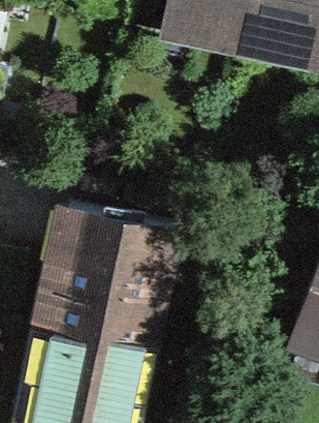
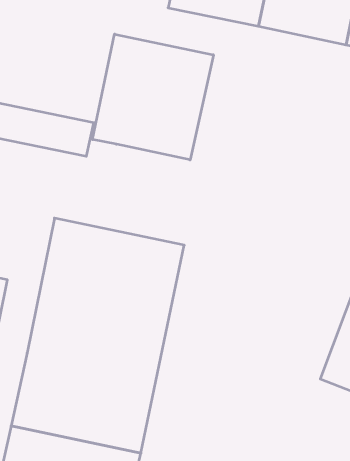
building: none -> [93,34,213,160]

